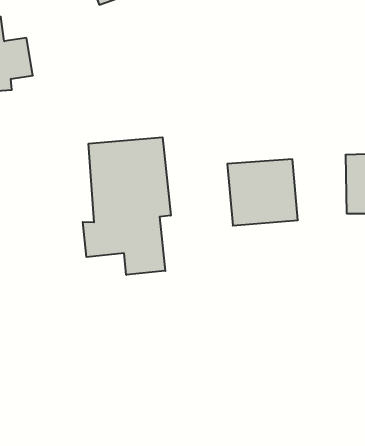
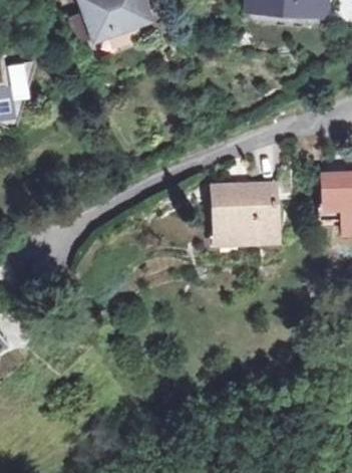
building: [83,137,171,275] -> none

